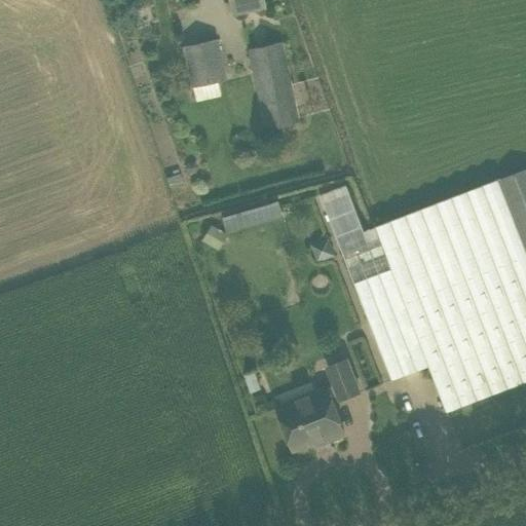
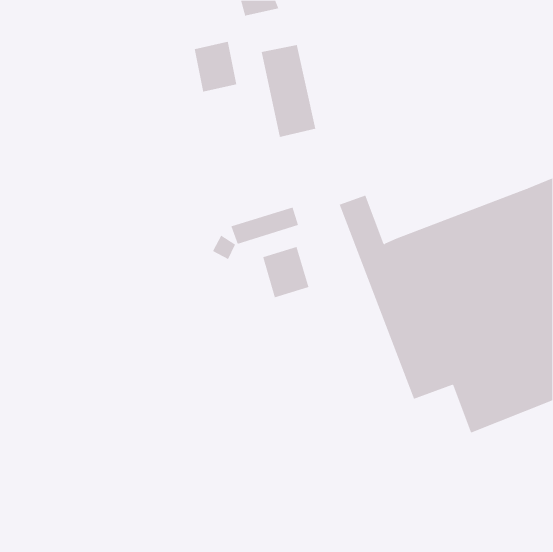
building: none -> [262,246,309,298]
building: [277,360,360,450] -> none

